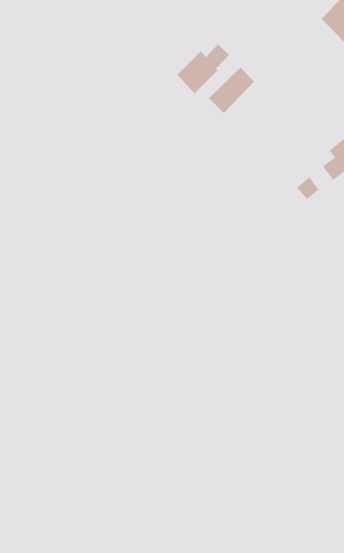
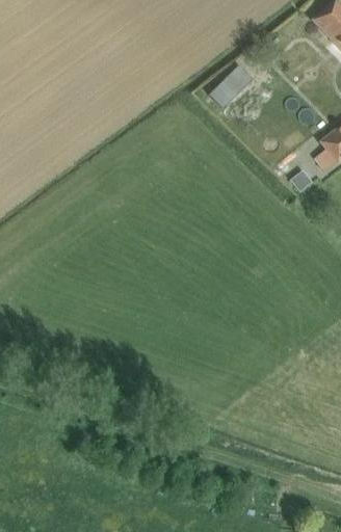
building: [176,44,230,94] -> none

